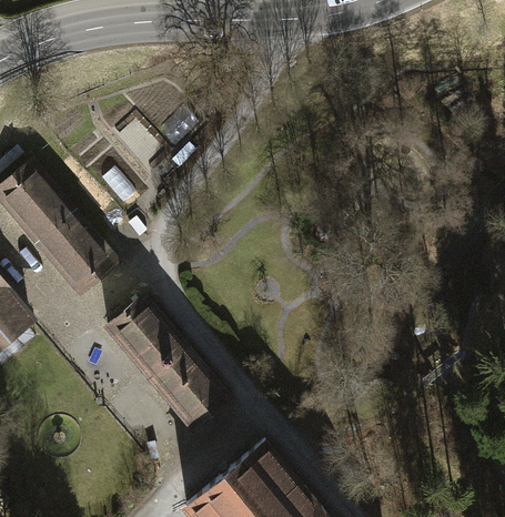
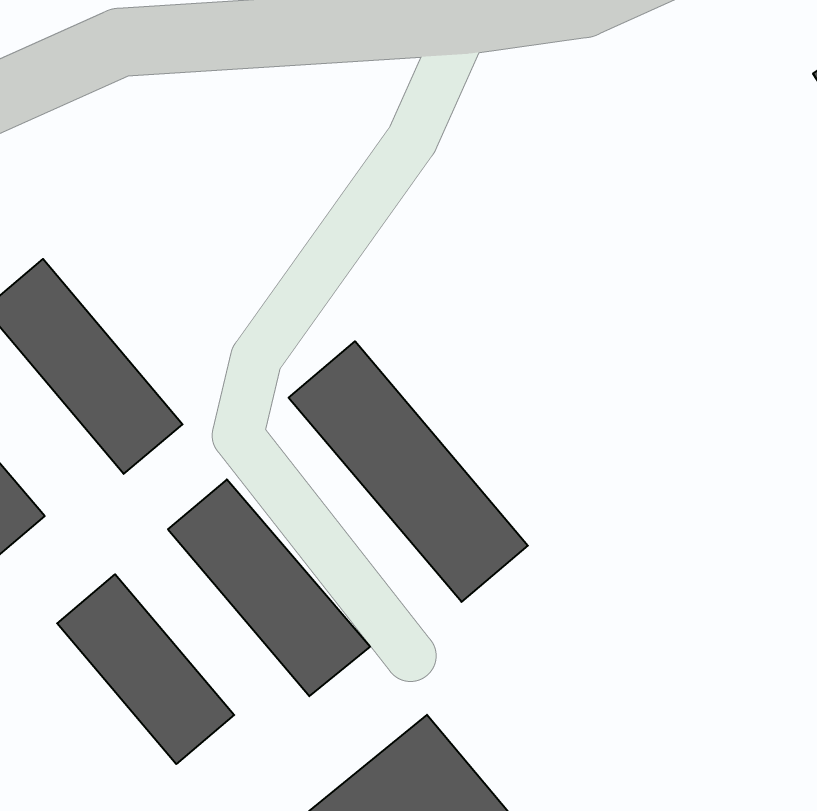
building: none -> [289,341,528,602]
building: none -> [57,574,234,764]

